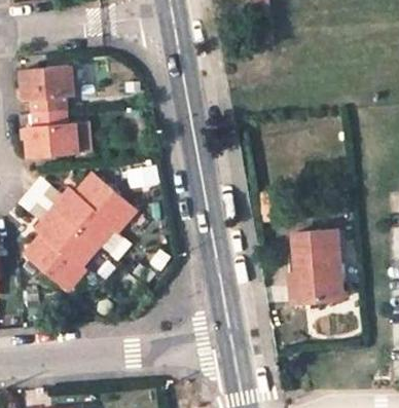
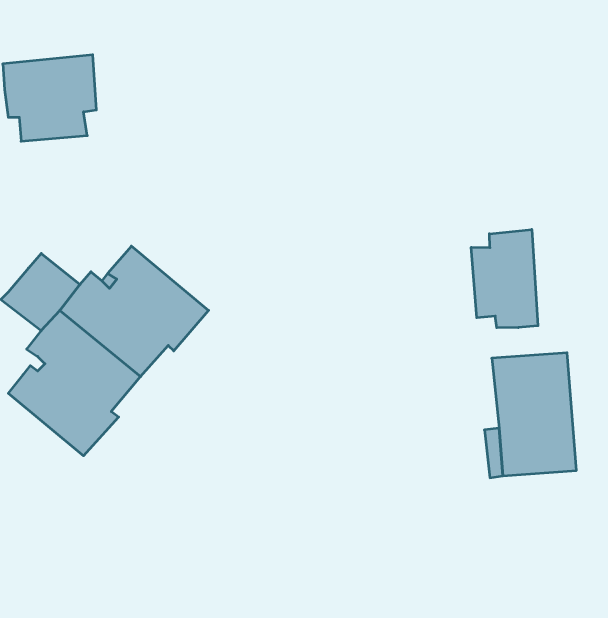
building: [26,111,77,158] -> none
building: none -> [471,229,538,328]

